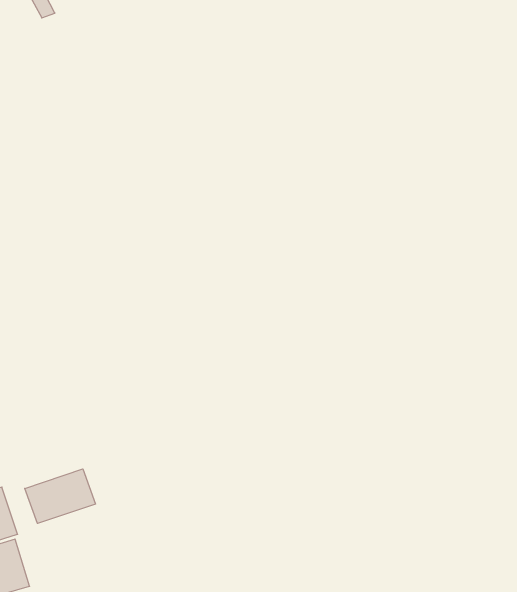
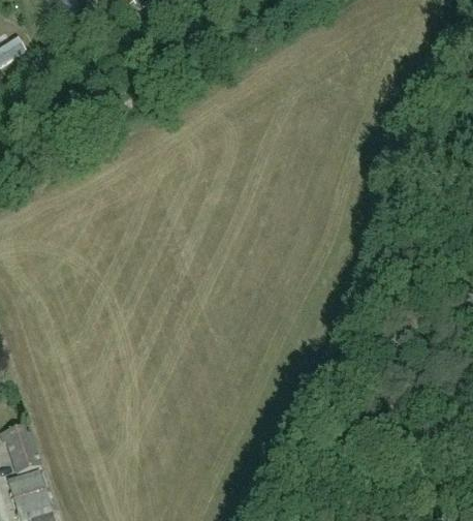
building: [25,469,95,523] -> none

